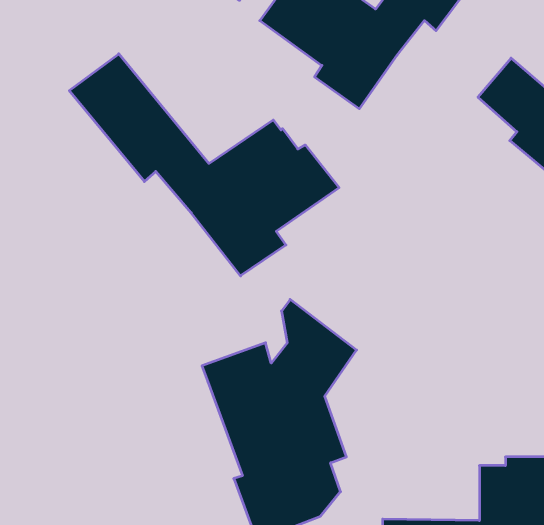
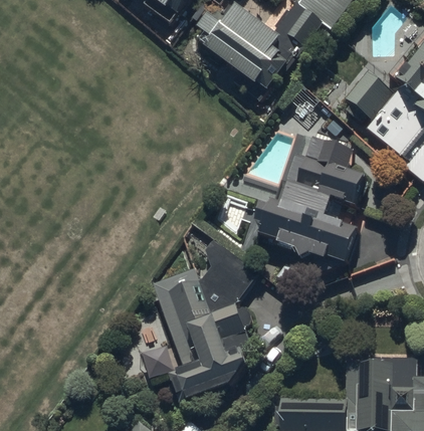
building: [69,54,339,276] -> none
building: none -> [250,127,366,255]

